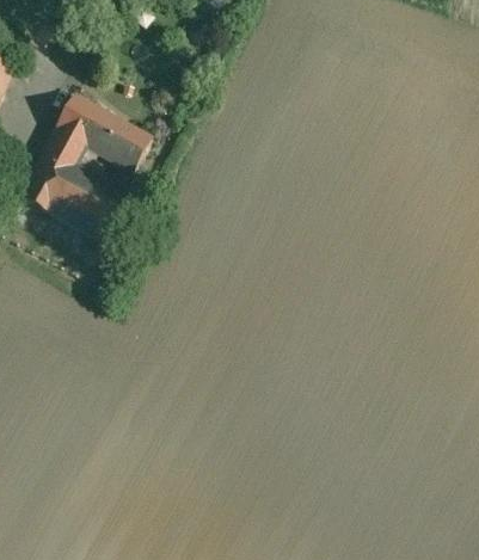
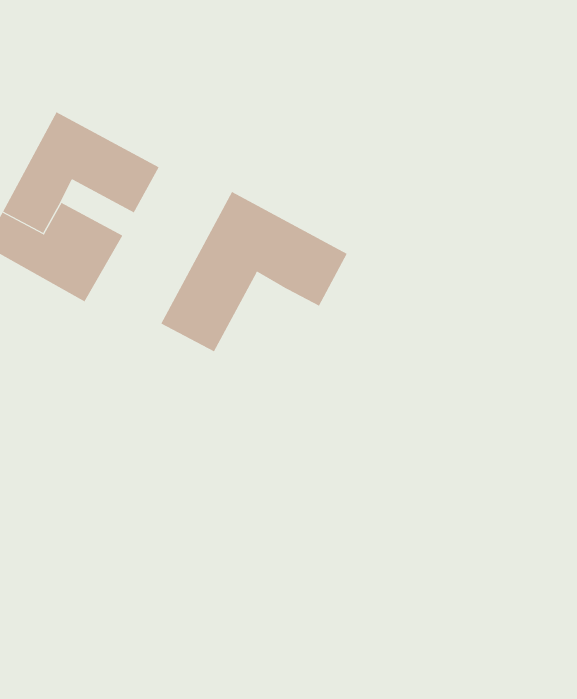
building: none -> [160,191,348,352]

